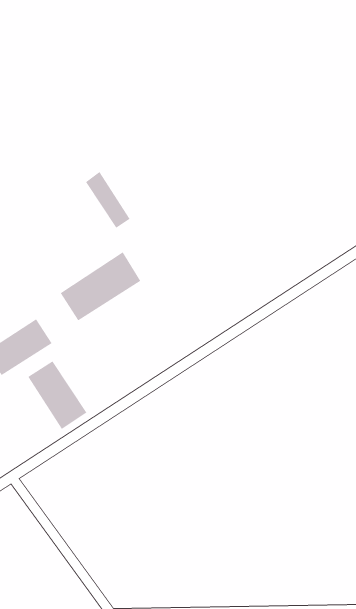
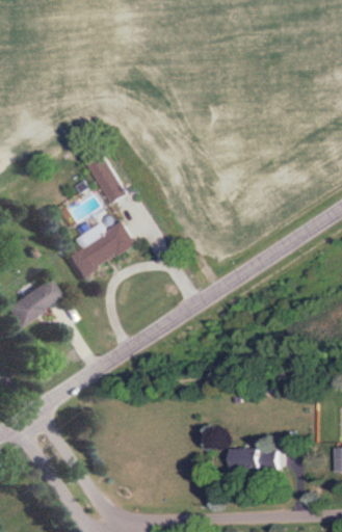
building: [27,360,87,430] -> none
building: none -> [234,450,279,469]

